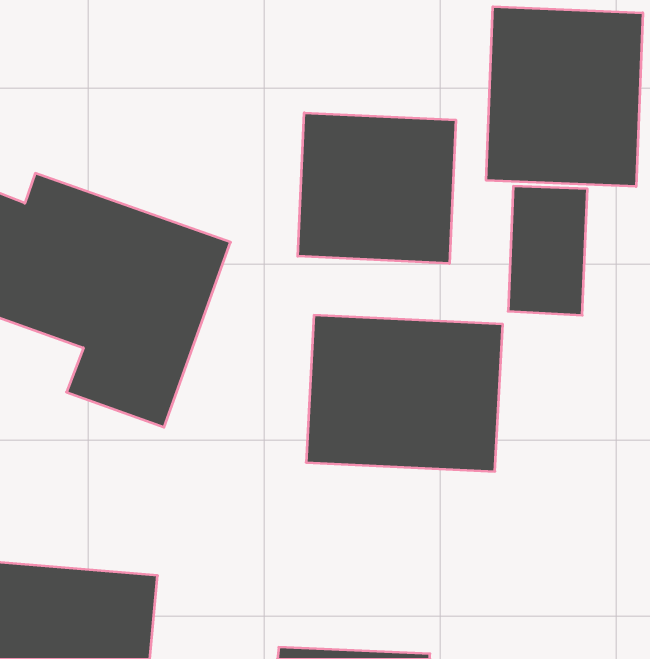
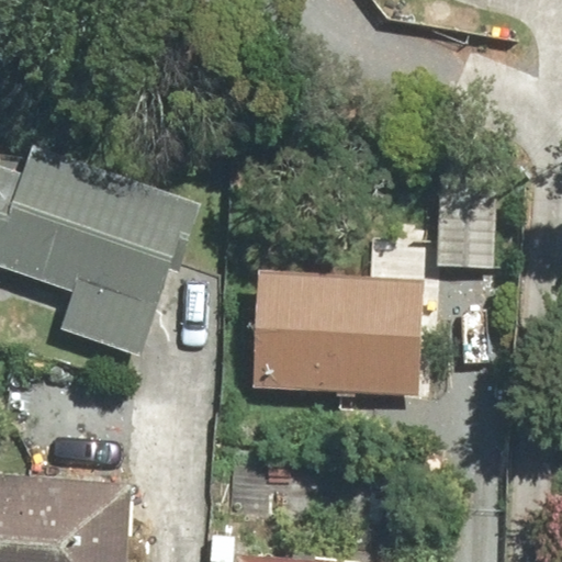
building: [486,7,643,187] -> none
building: [298,113,456,264] -> none

